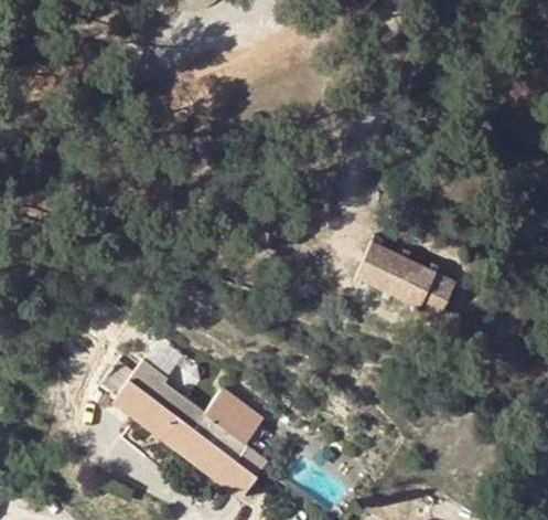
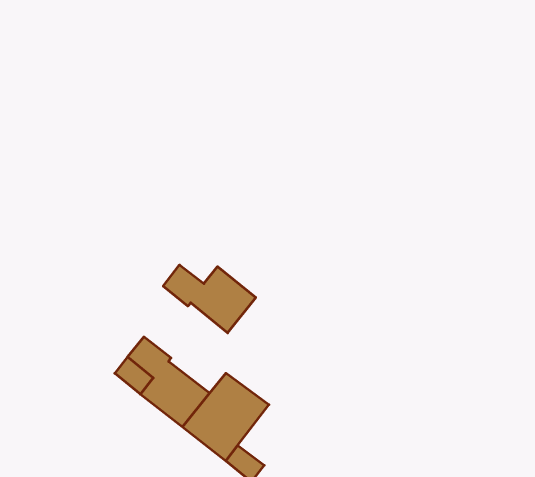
building: [354,241,455,316] -> none
building: none -> [163,265,256,333]

